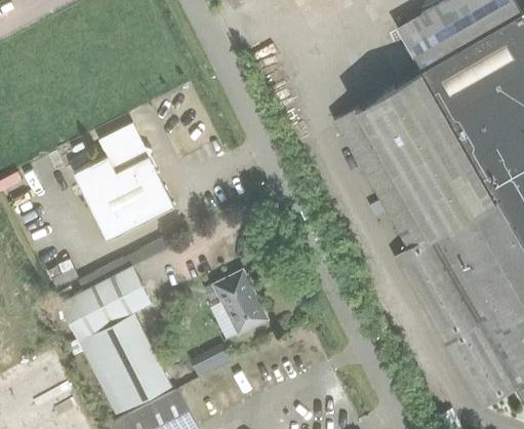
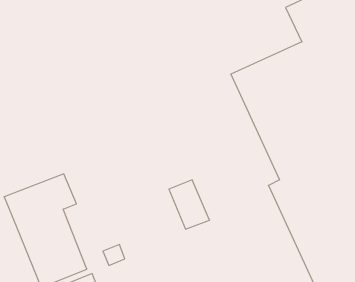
building: [74,123,175,241] -> none
building: [214,272,270,336] -> [169,180,210,229]

